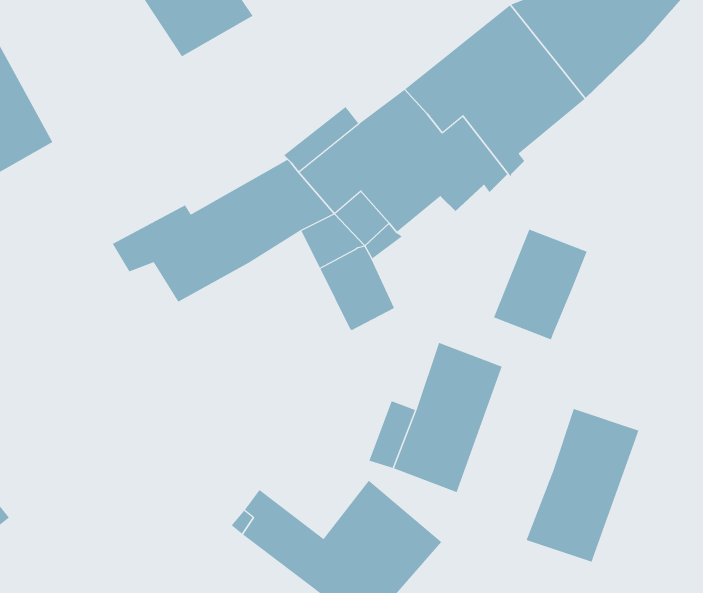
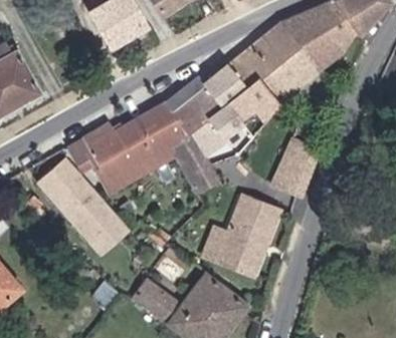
building: none -> [43,162,131,255]
building: [526,408,639,563] -> none

